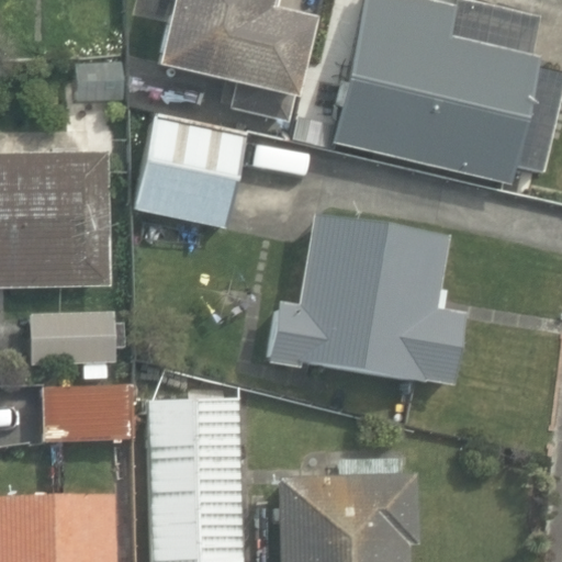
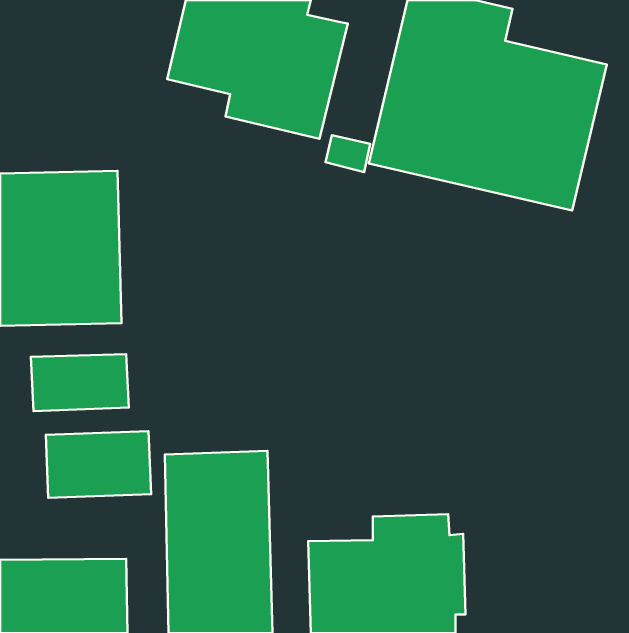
building: [136,119,248,226] -> none
building: [268,215,467,387] -> none

